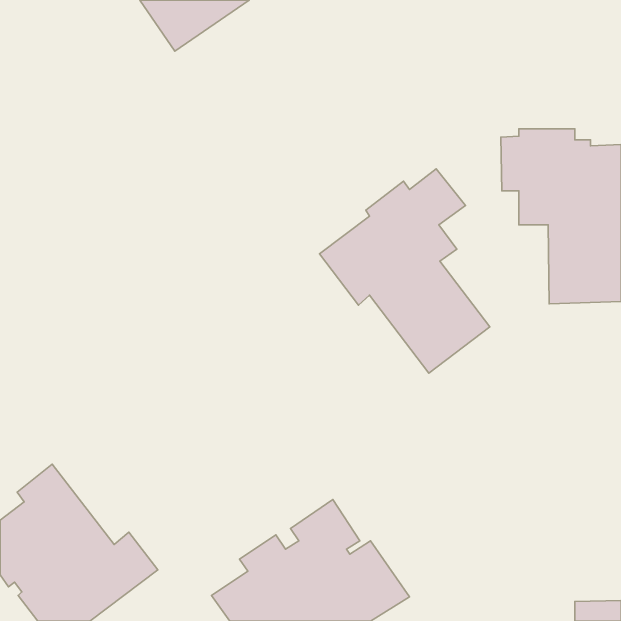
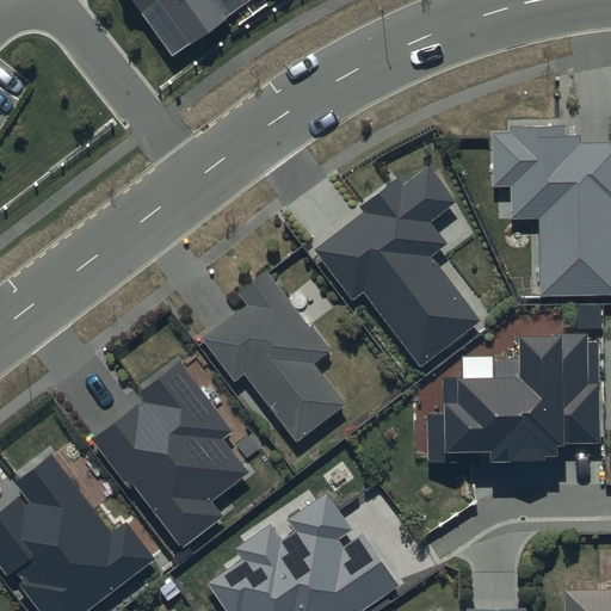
building: none -> [199,271,344,442]
building: none -> [444,335,600,462]
building: none -> [91,362,248,547]

